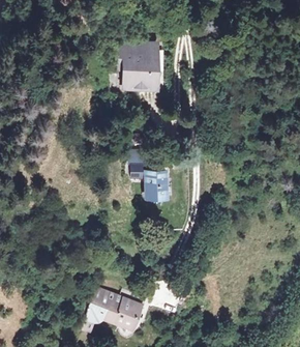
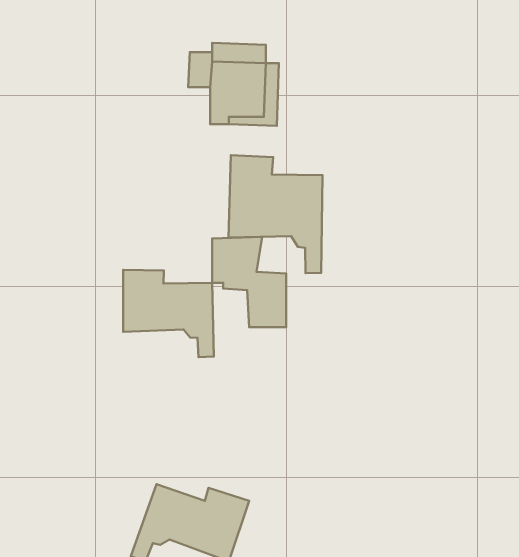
building: none -> [228,155,322,273]
building: none -> [123,270,214,357]

